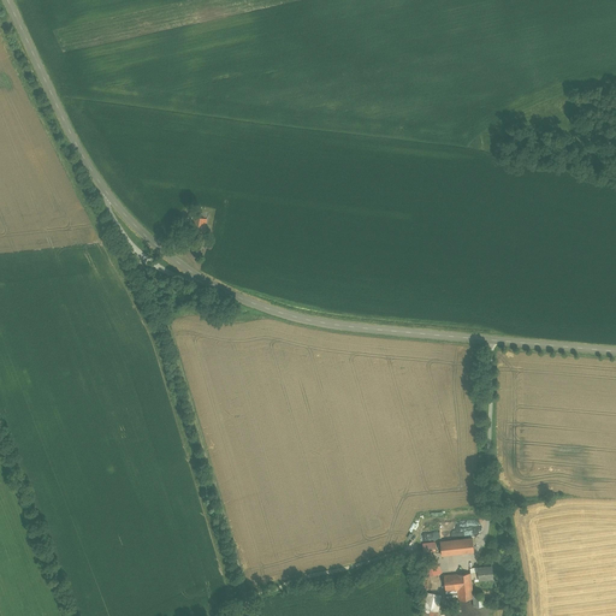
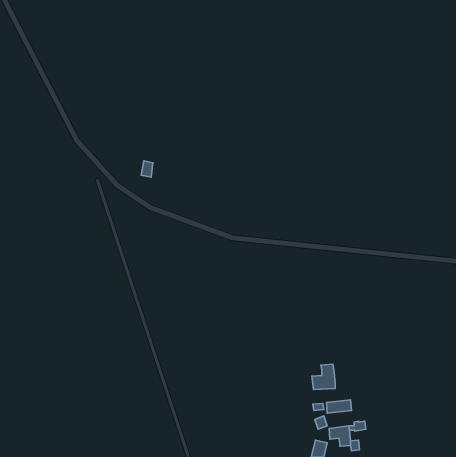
building: none -> [312,364,335,390]

